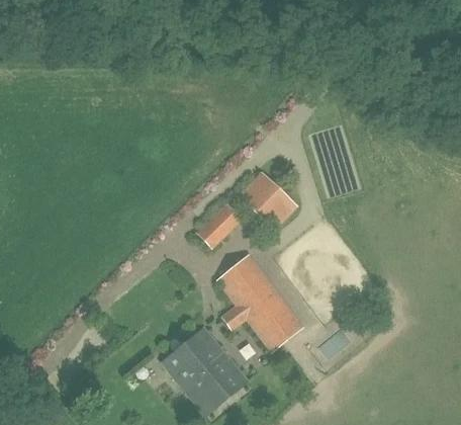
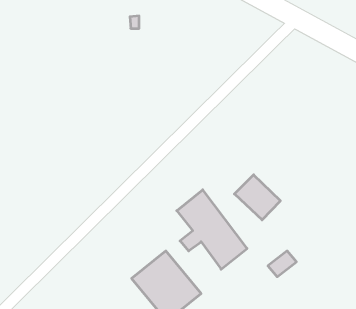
building: [239,172,294,227] -> [234,175,280,220]
building: [197,204,241,247] -> none

